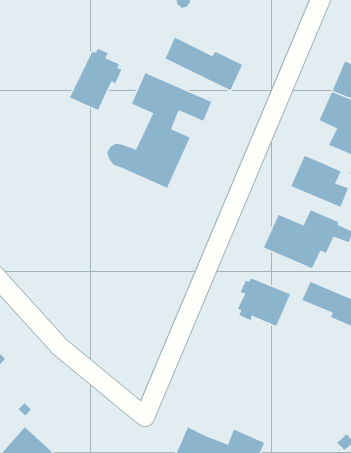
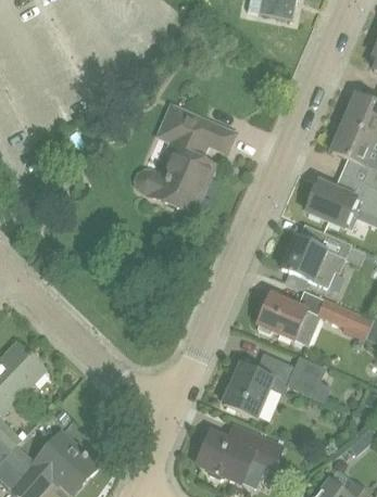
building: [165,37,243,91] -> none
building: [69,48,123,111] -> none
building: none -> [223,354,330,418]

